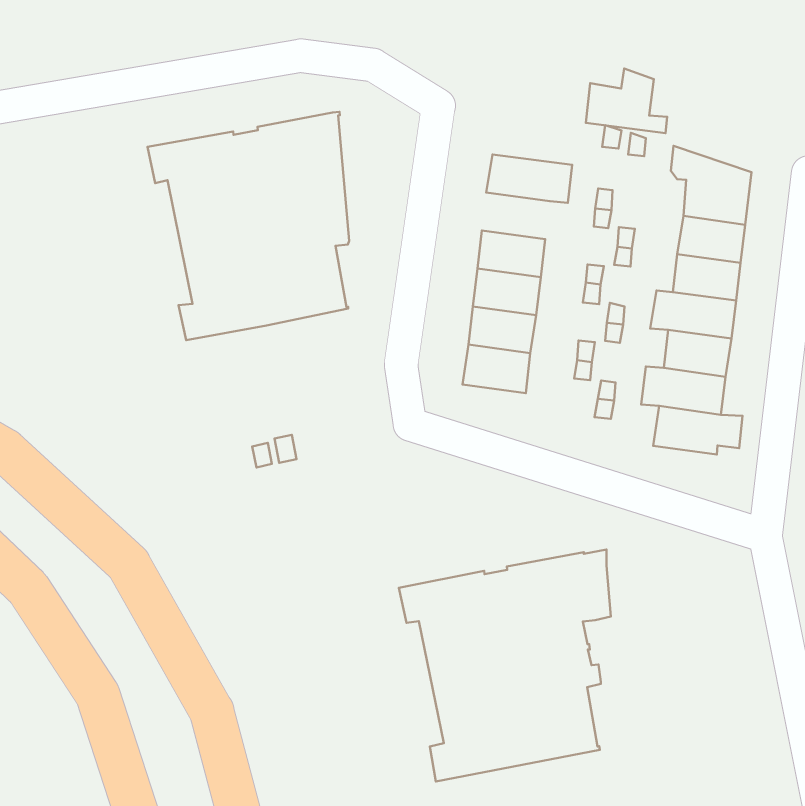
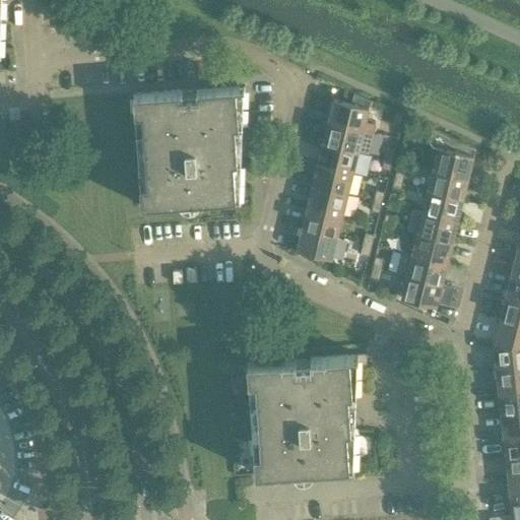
building: [586,68,667,133] -> [328,99,375,138]
building: none -> [317,148,358,179]

